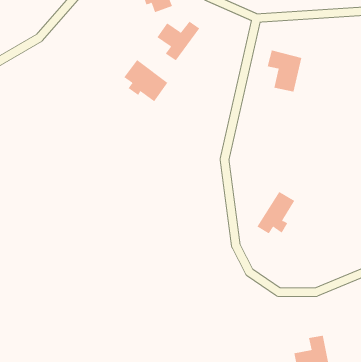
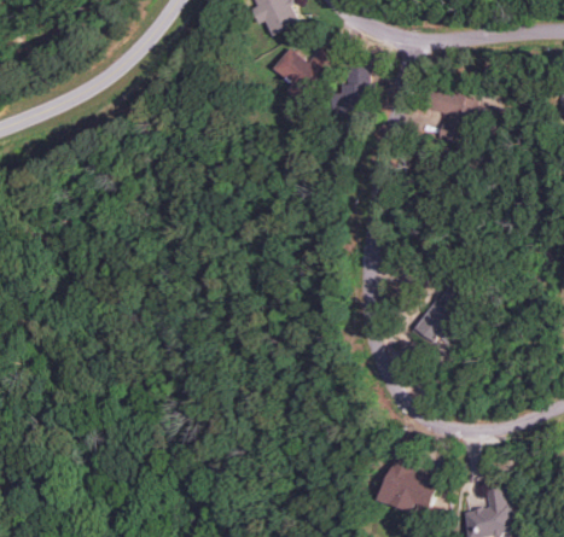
building: none -> [331,66,366,112]
building: [124,59,168,102] -> none
building: none -> [378,446,437,514]

